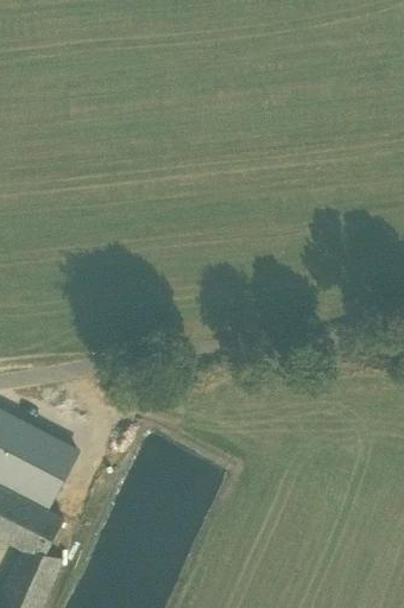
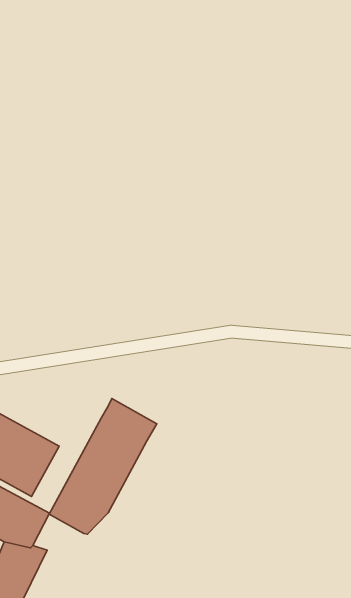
building: none -> [49,398,157,534]

